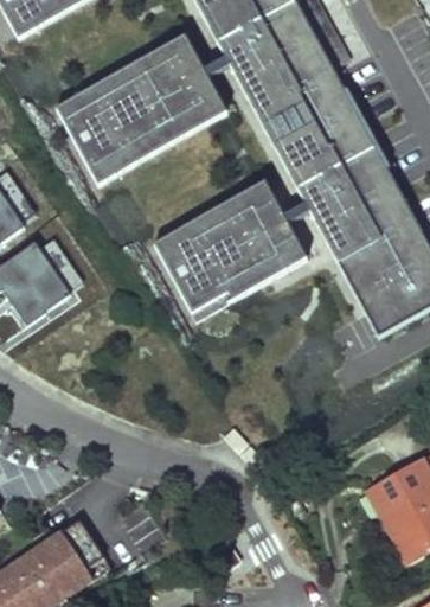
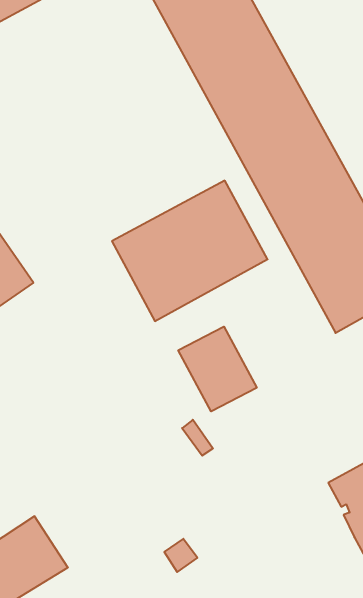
building: [57,37,231,185] -> none
building: none -> [178,327,257,411]

